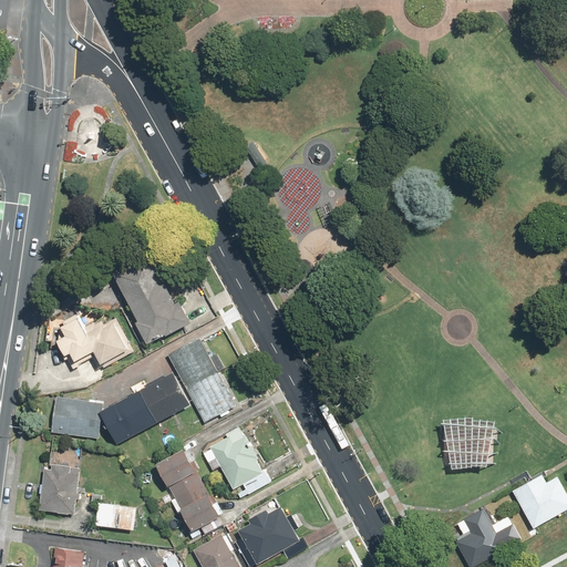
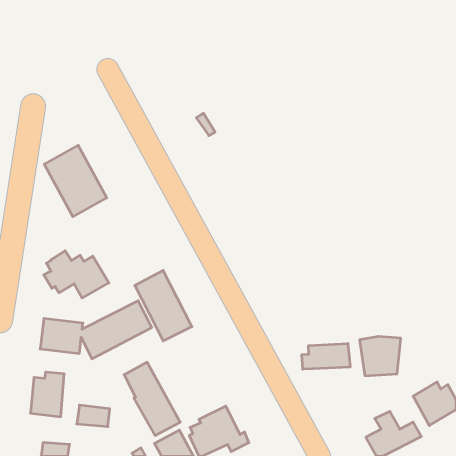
building: [112,256,189,344] -> [44,145,107,217]
building: none -> [302,343,350,369]
building: [205,429,270,498] -> none

